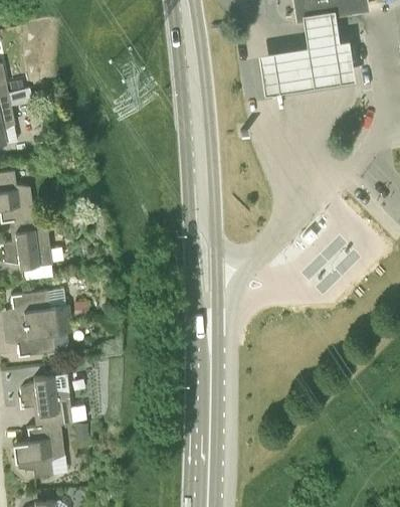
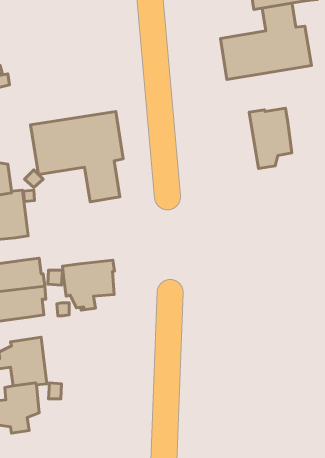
building: none -> [249,108,292,168]
building: none -> [30,111,123,202]
building: none -> [63,260,115,310]

